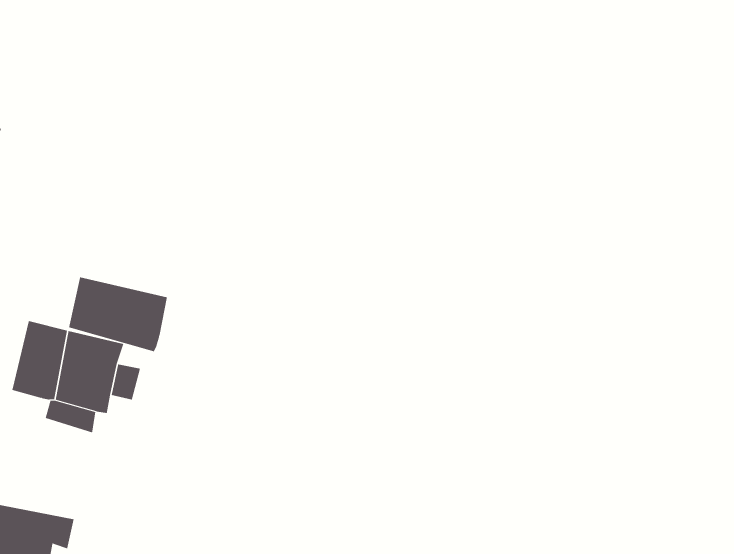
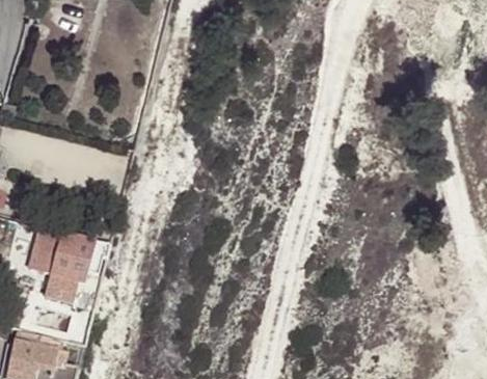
building: [68,276,167,352] -> none

